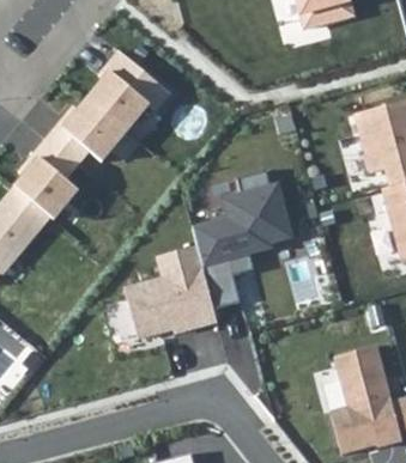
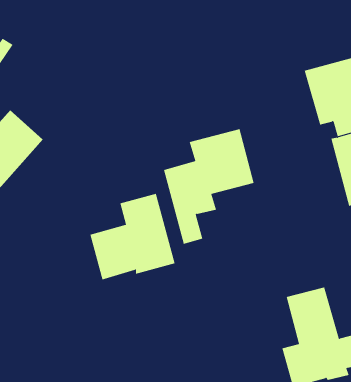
building: [32,48,175,181] -> none

